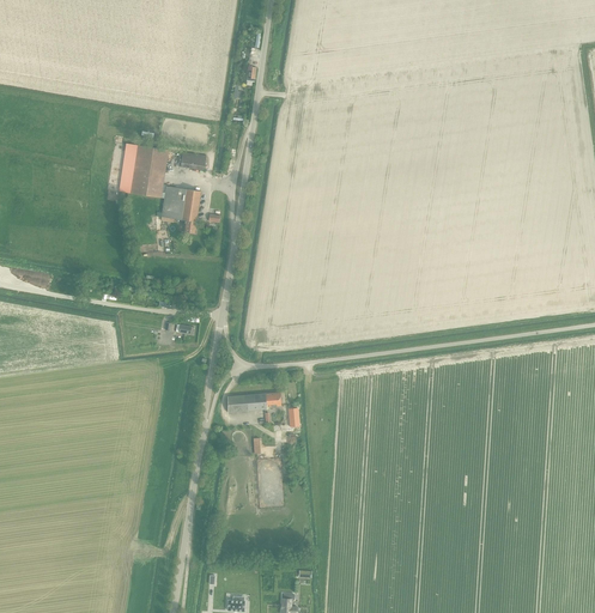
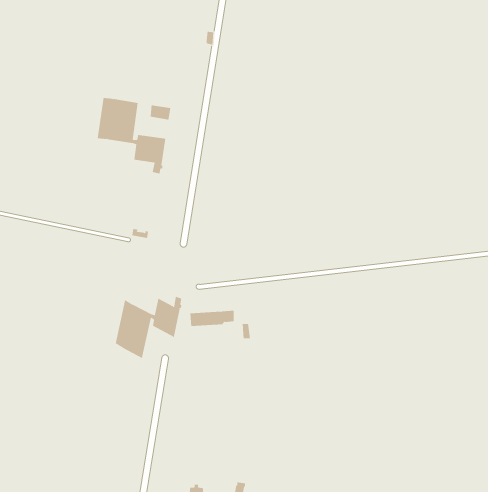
building: none -> [115,296,182,359]

